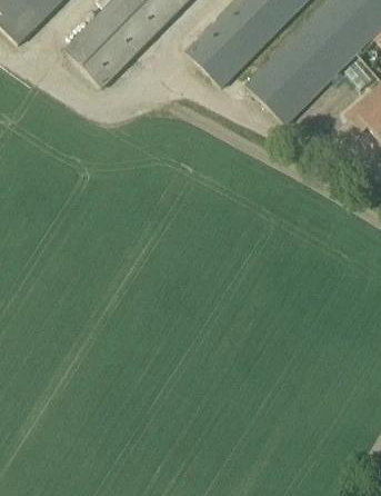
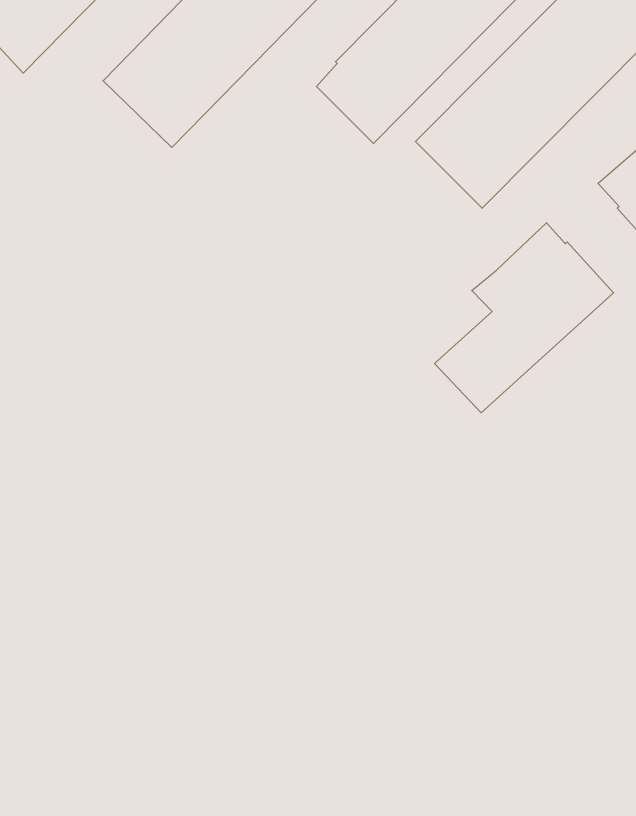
building: none -> [435,223,614,413]

